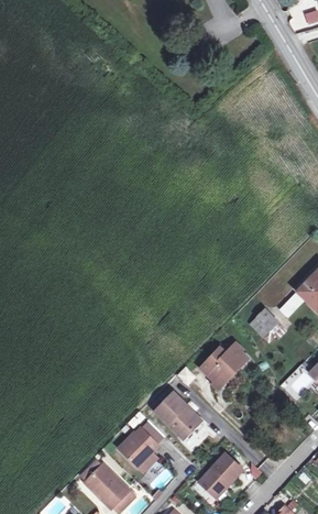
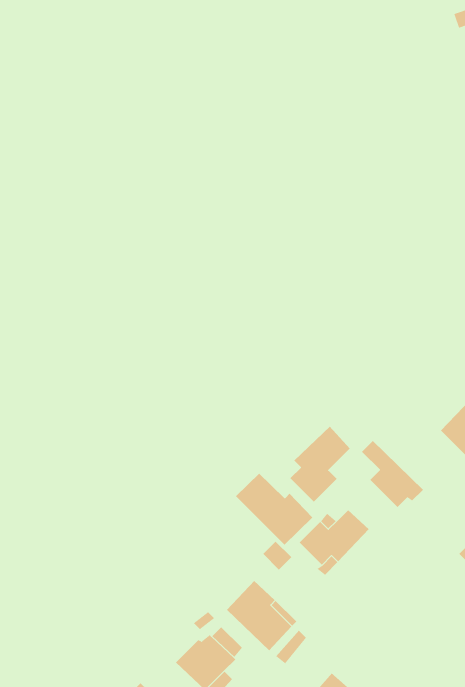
building: none -> [290,426,351,503]
building: none -> [235,473,313,546]

